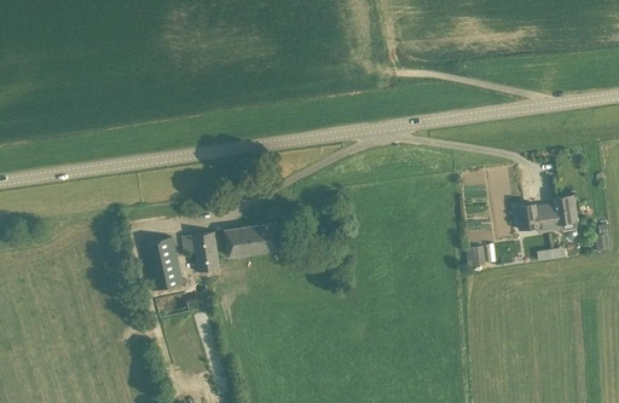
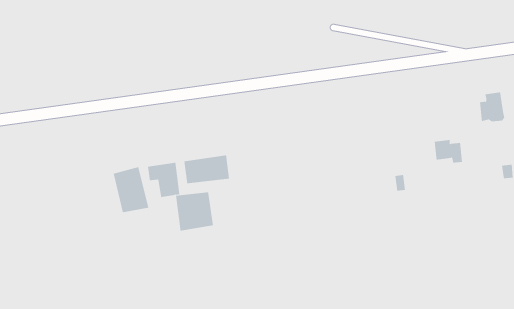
building: [549,196,579,231] -> [479,92,505,122]
building: none -> [175,191,214,231]

